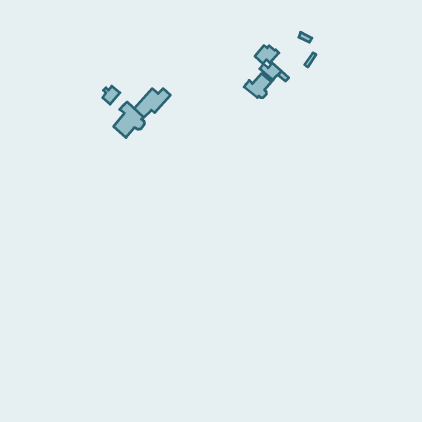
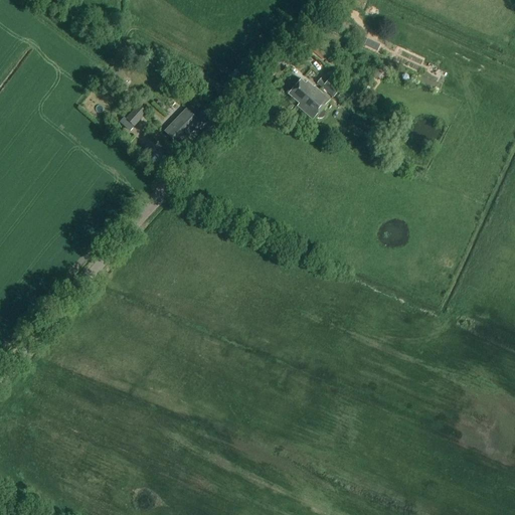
building: [255,46,279,64] -> [289,80,318,103]
building: [114,102,144,138] -> none

